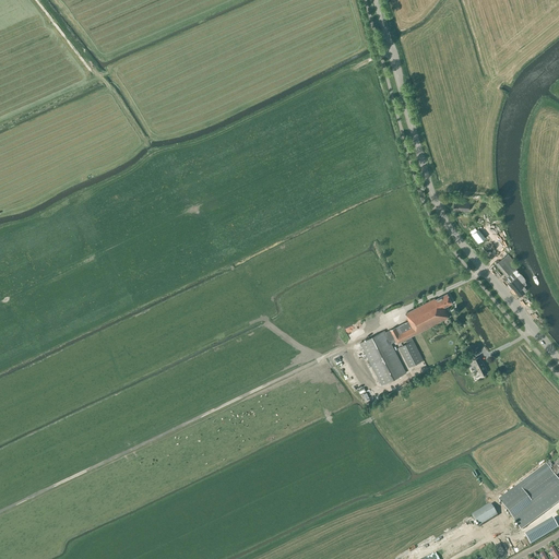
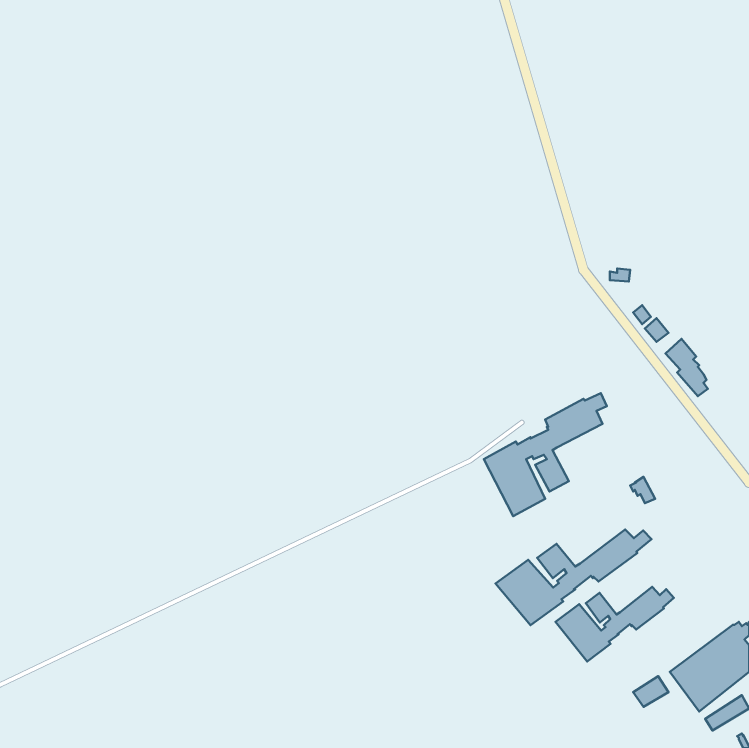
building: none -> [495,529,652,625]
building: none -> [556,587,674,661]

